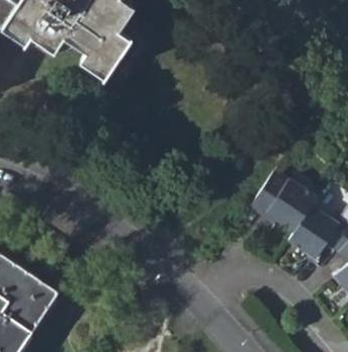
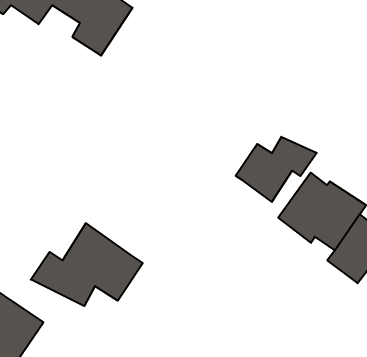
building: none -> [236,137,317,202]
building: none -> [31,223,143,306]

